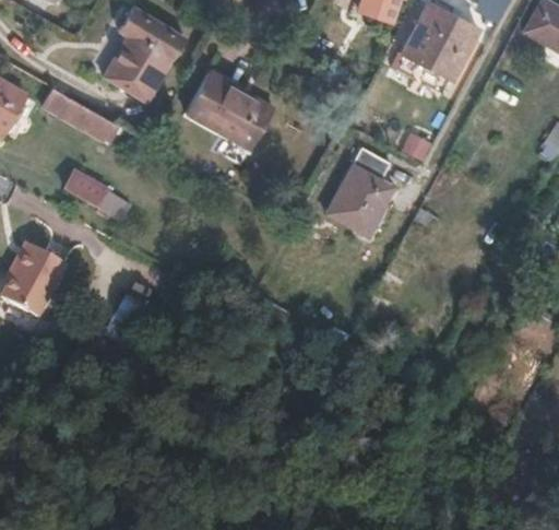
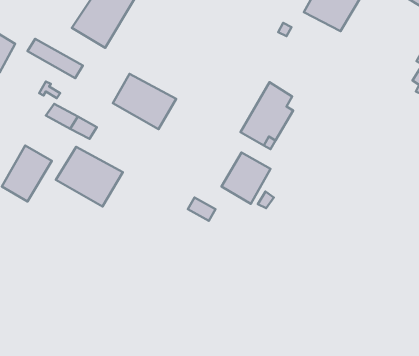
building: [187,78,270,150] -> [113,74,176,129]
building: none -> [56,147,123,206]
building: none -> [222,152,270,204]

